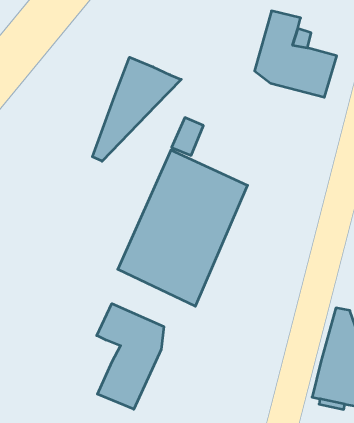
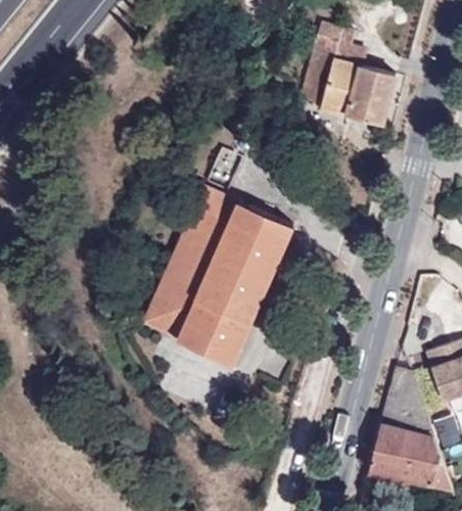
building: [92,57,181,161] -> none
building: [97,304,164,409] -> none

